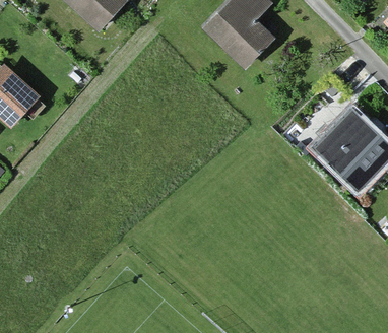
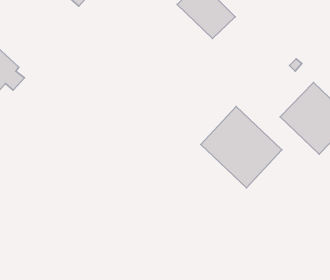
building: none -> [201,106,282,188]

